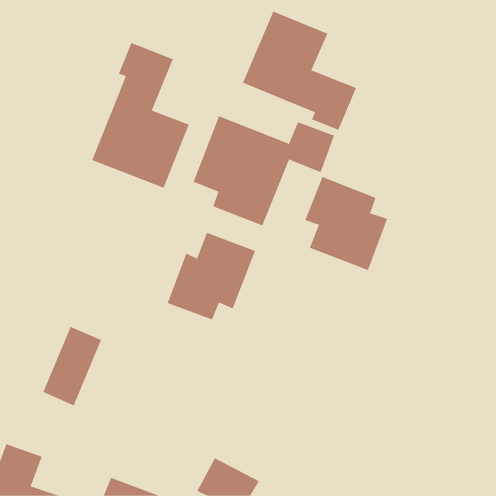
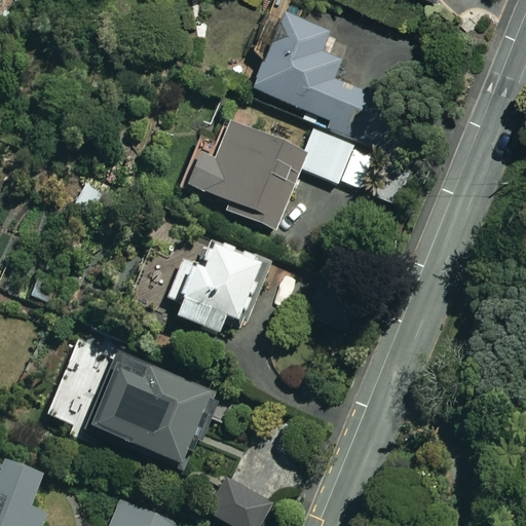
building: [92,42,189,189] -> none
building: [304,176,388,271] -> none
building: none -> [93,349,216,466]

